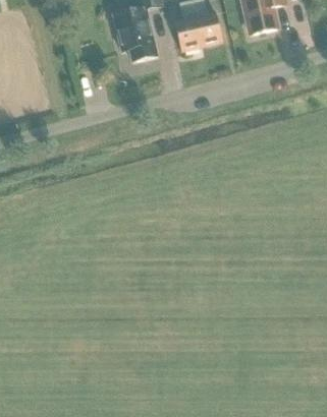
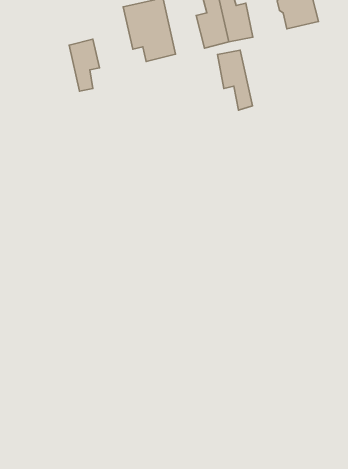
building: none -> [69,39,99,91]
building: none -> [218,50,253,110]

